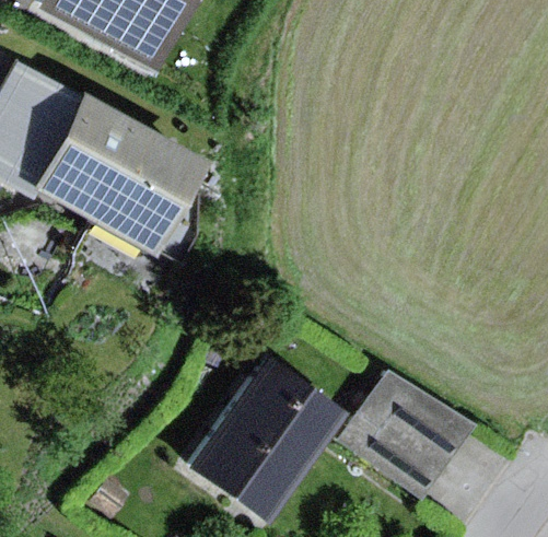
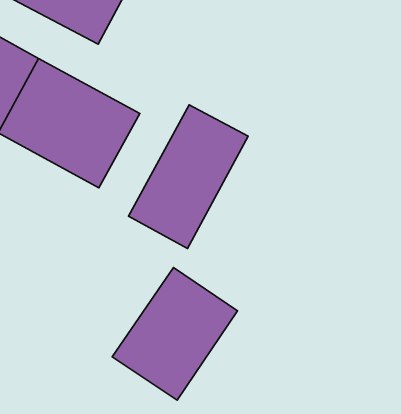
building: none -> [129,105,248,248]
building: [337,365,471,494] -> none

